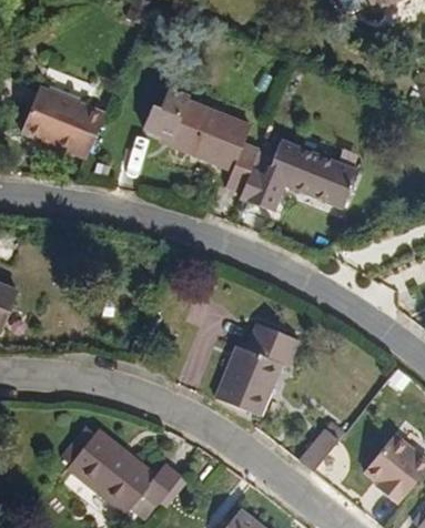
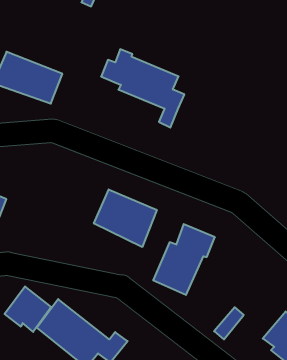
building: [237,140,356,210] -> none
building: none -> [94,189,157,247]
building: none -> [5,286,51,332]

